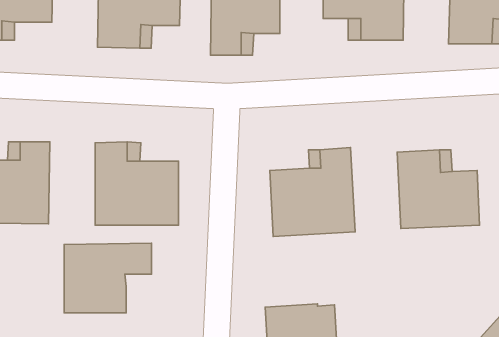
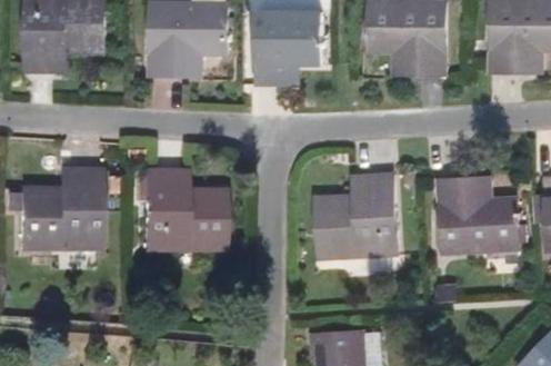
building: [64,243,152,313] -> none

